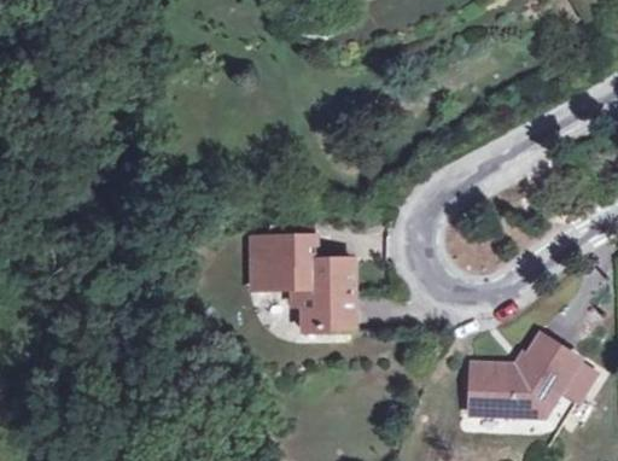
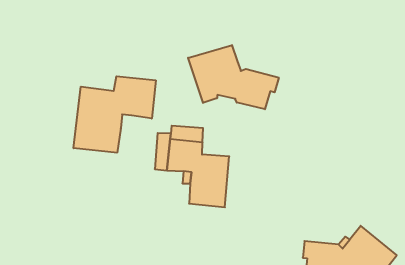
building: none -> [188,45,279,109]
building: none -> [74,76,156,153]

